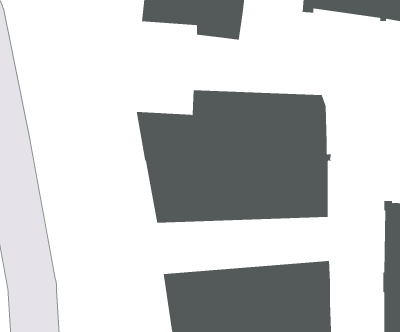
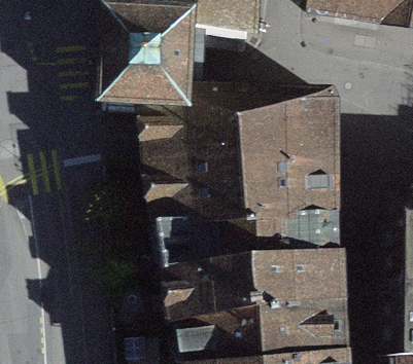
building: none -> [106,24,208,118]
building: none -> [166,220,341,277]

